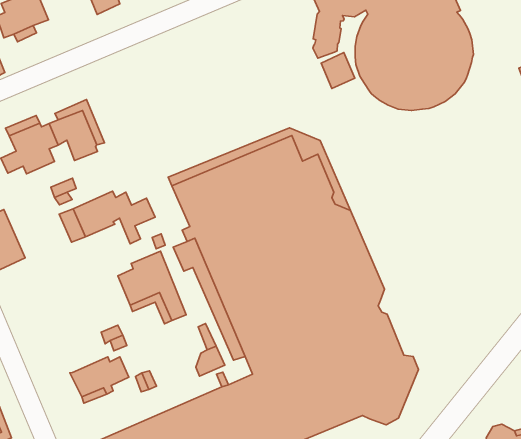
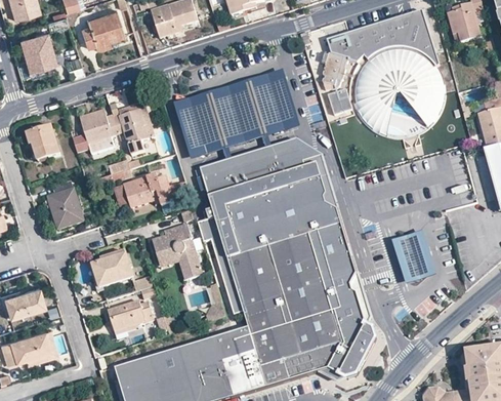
building: none -> [174,72,299,162]
building: none -> [390,230,433,283]
building: none -> [92,251,132,284]

